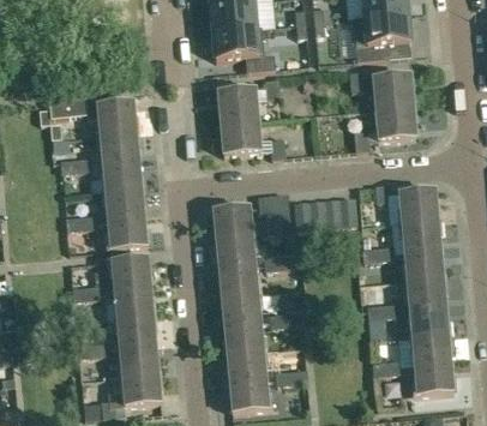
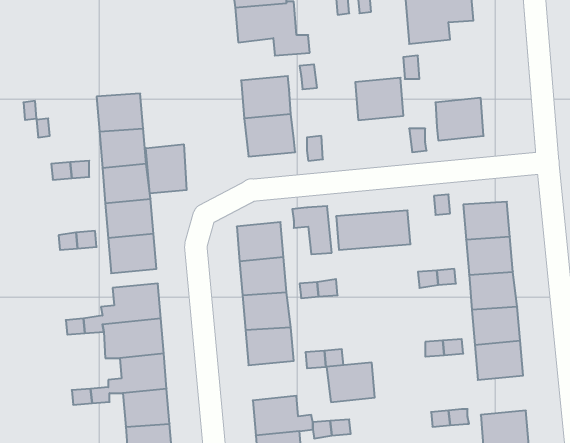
building: [373,67,413,102] -> [355,78,403,120]
building: none -> [146,144,187,194]
building: [222,314,261,347] -> [327,363,375,402]
building: [410,326,450,359] -> none

